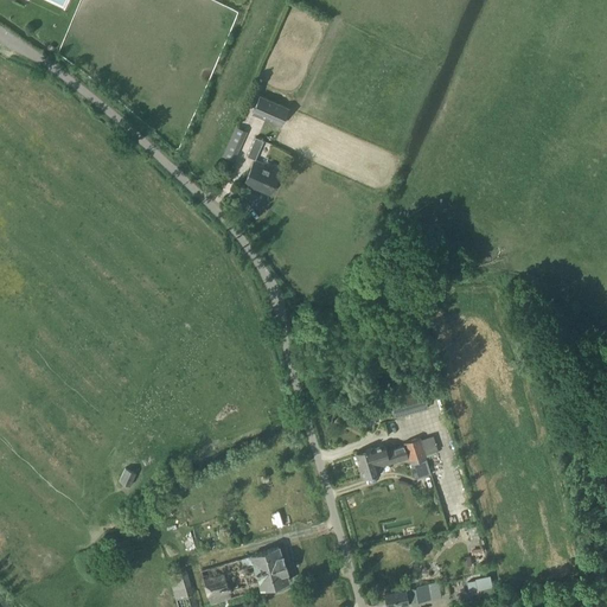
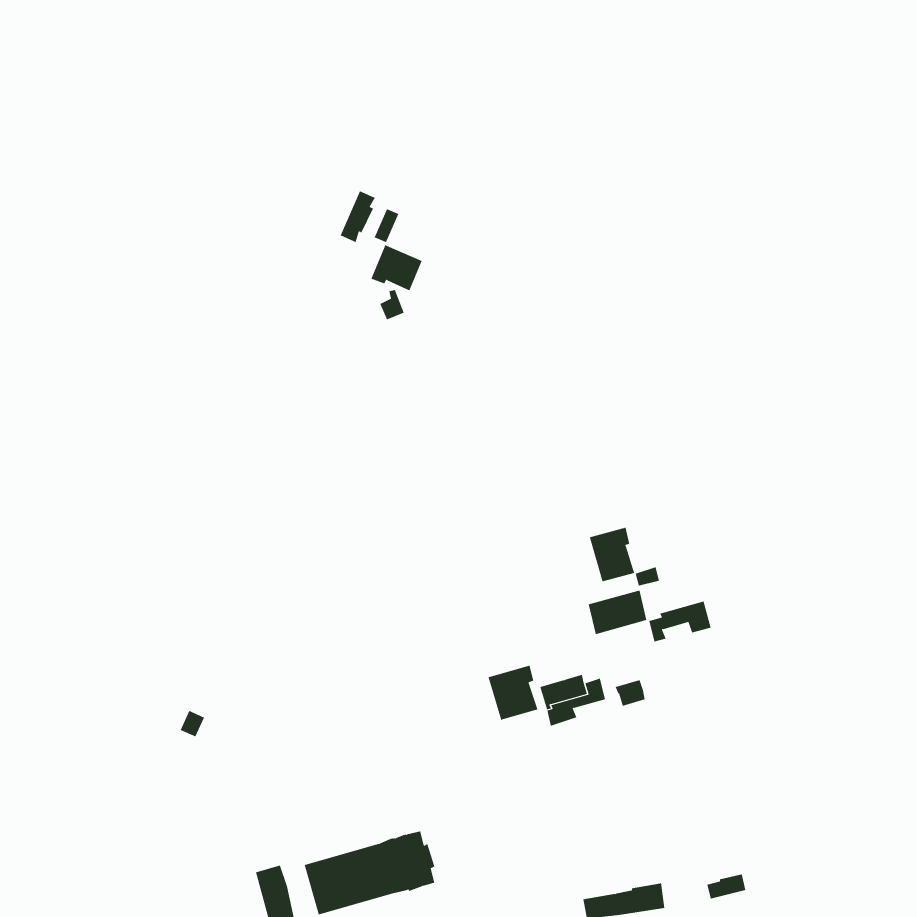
building: [253,97,289,128] -> none
building: none -> [589,527,635,582]
building: [397,435,439,462] -> [648,601,711,642]
building: none -> [488,665,538,720]

